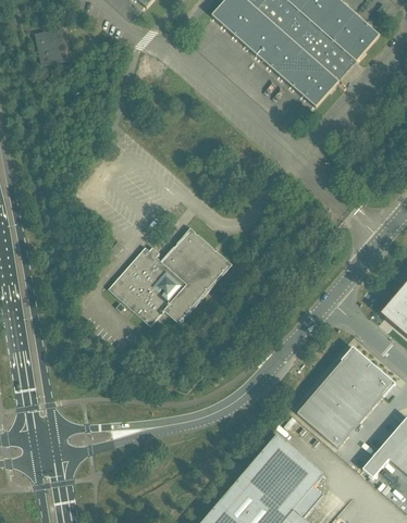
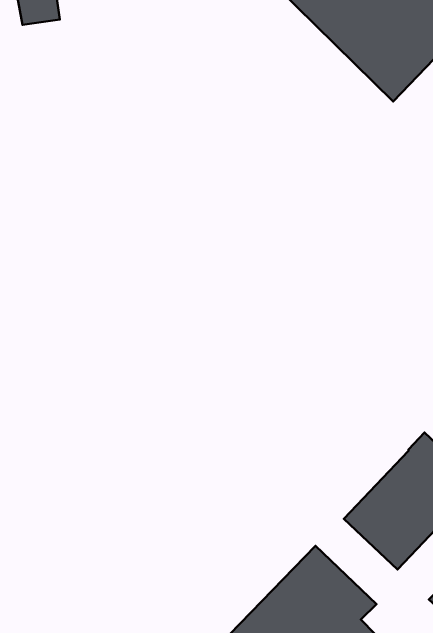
building: [108,227,233,326] -> none

